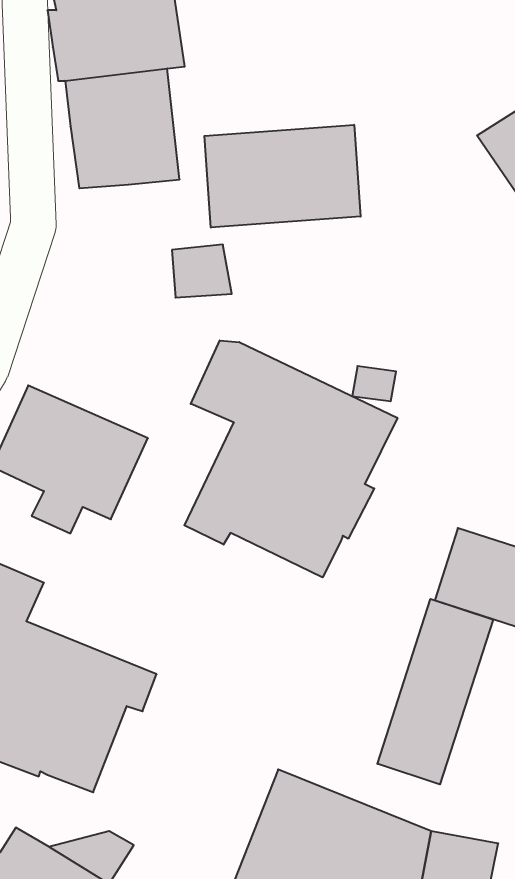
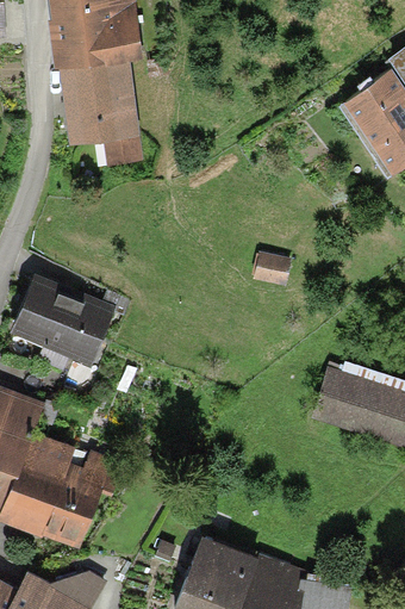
building: [204,125,361,228] -> none
building: [172,245,232,298] -> [104,133,144,169]
building: [184,340,397,577] -> none
building: [377,599,493,784] -> none

